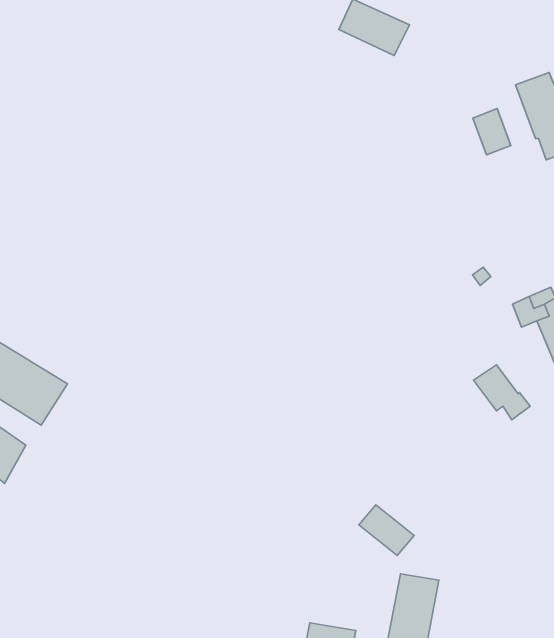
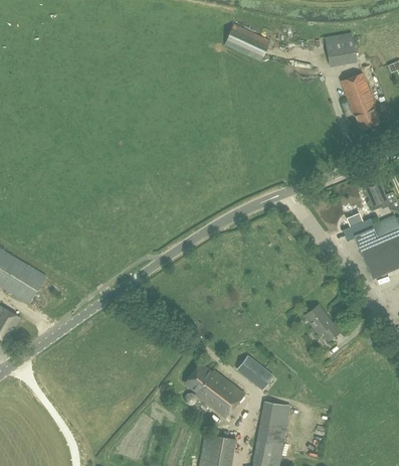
building: none -> [325,33,356,64]
building: [473,109,511,155] -> none
building: [474,365,530,420] -> [304,305,341,341]
building: none -> [185,362,245,418]

